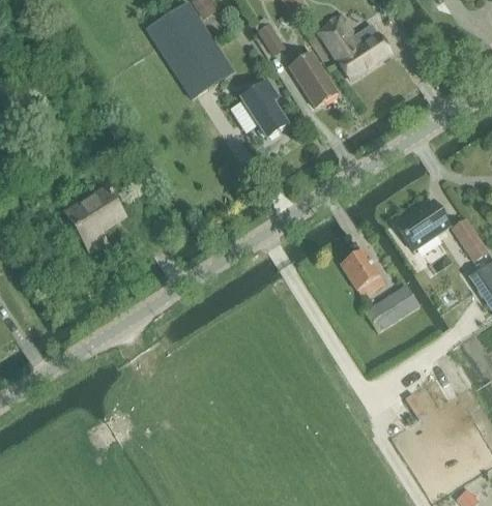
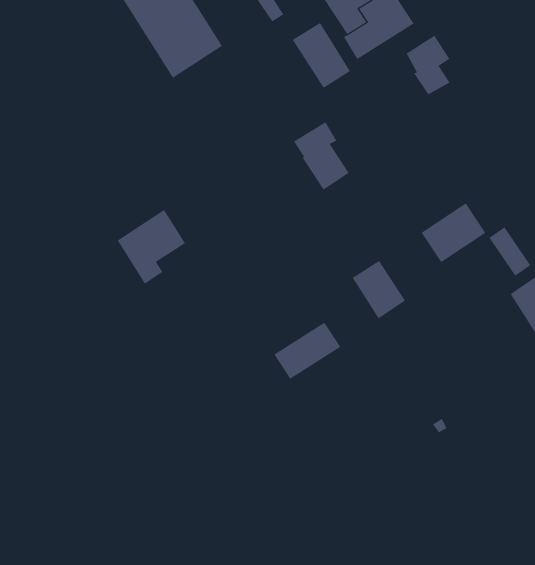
building: none -> [406,35,450,95]
building: [241,81,288,138] -> [293,122,350,191]
building: [65,188,122,250] -> [117,209,186,284]
building: [365,284,421,331] -> [274,322,341,380]

